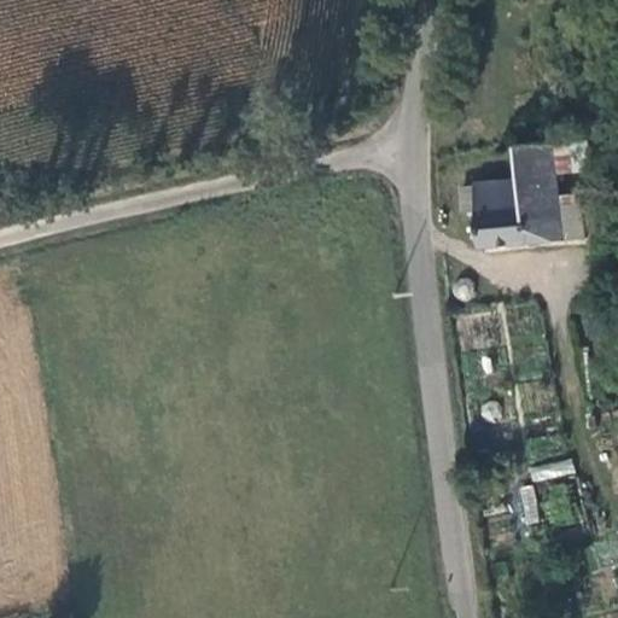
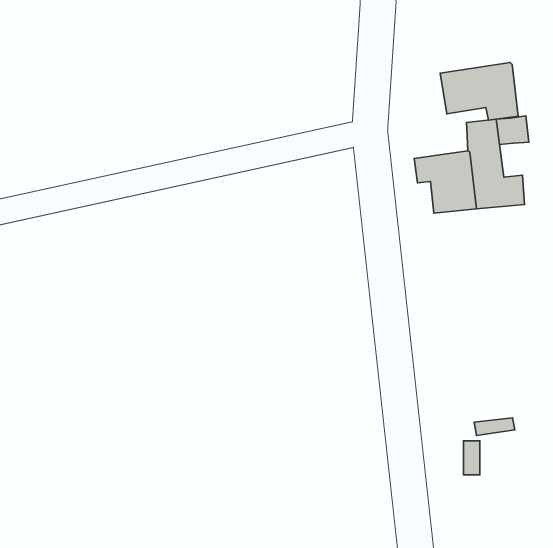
building: none -> [440,63,518,120]

